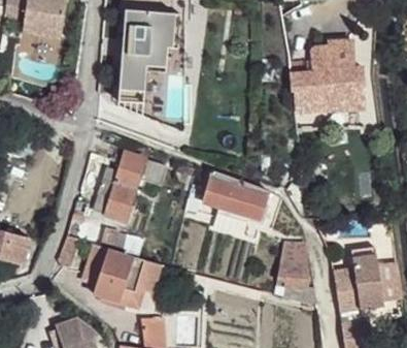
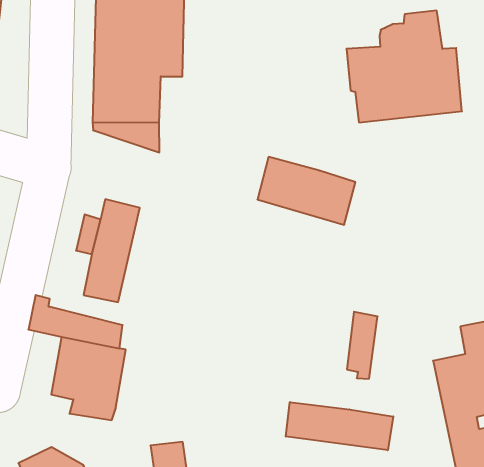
building: [202,170,268,219] -> [257,157,355,225]
building: [121,253,158,298] -> none
building: none -> [286,402,393,450]

